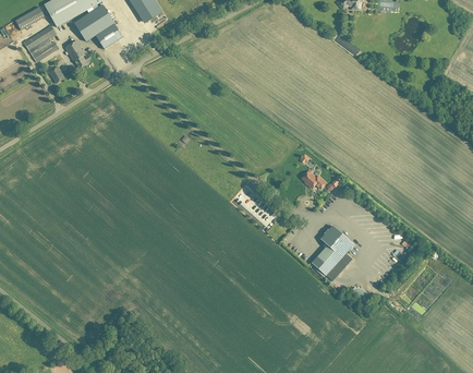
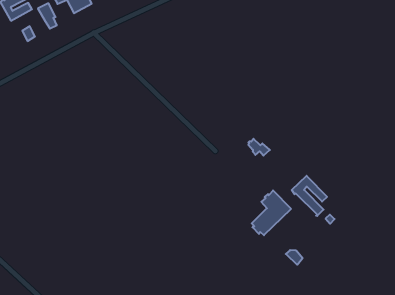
building: none -> [292,176,327,216]

